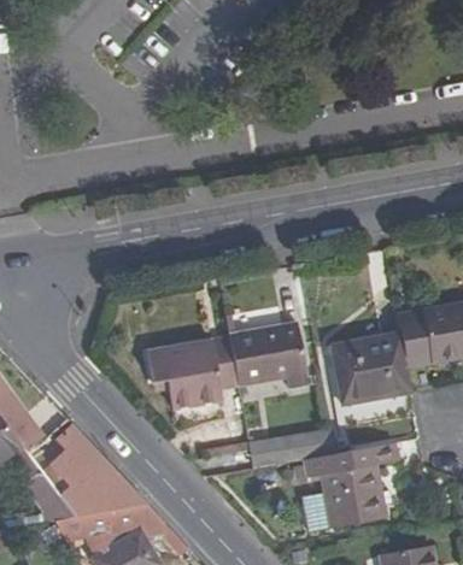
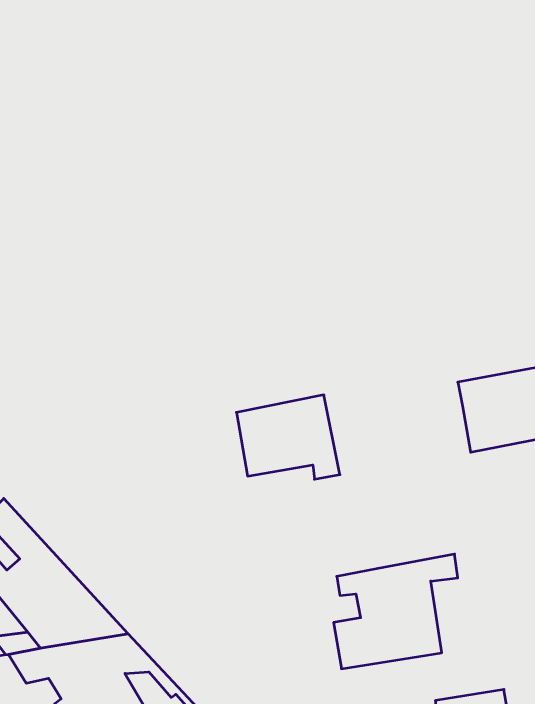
building: [330,332,410,405] -> none
building: [145,337,236,408] -> none
building: [247,431,335,470] -> none

